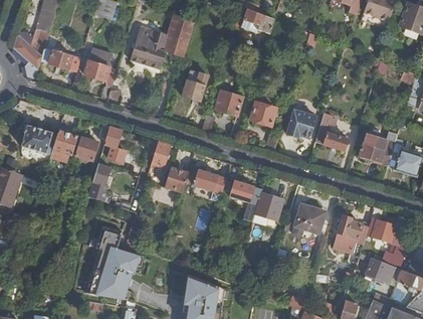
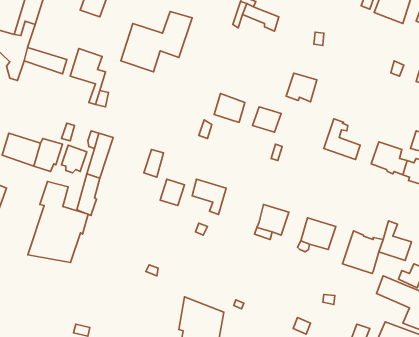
building: [182,69,208,102] -> none
building: [287,111,315,137] -> [286,73,317,102]
building: [229,179,262,204] -> none
building: [83,226,139,301] -> [28,181,88,263]

